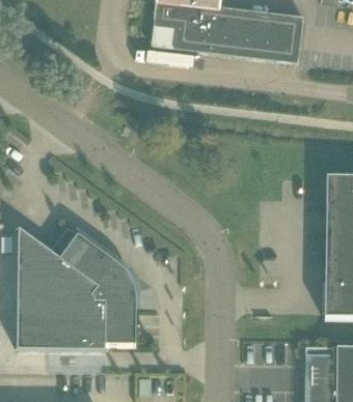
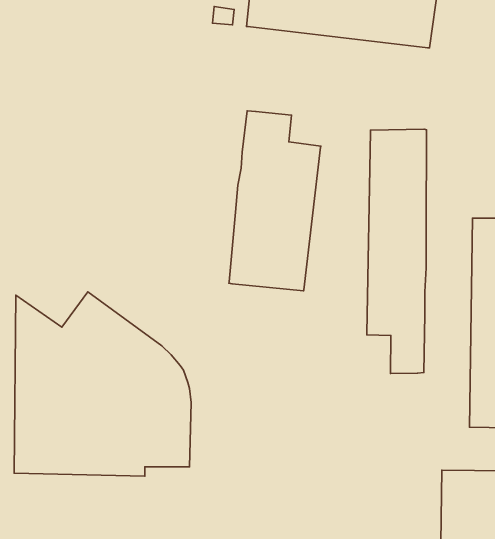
building: none -> [229,111,321,291]
building: none -> [367,129,427,374]

